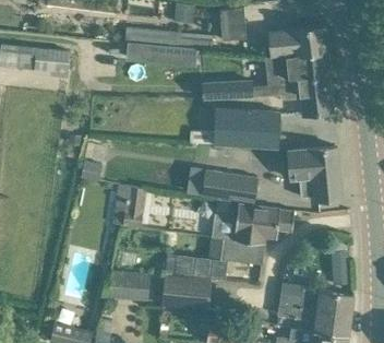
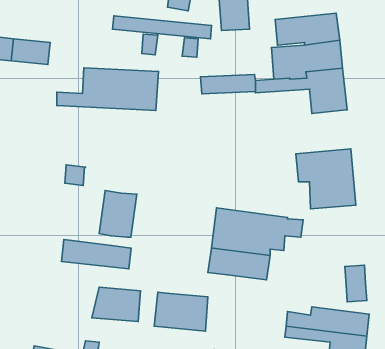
building: [190,109,280,147] -> [57,68,158,110]
building: [203,170,257,201] -> none
building: [165,252,227,279] -> [61,239,131,269]

